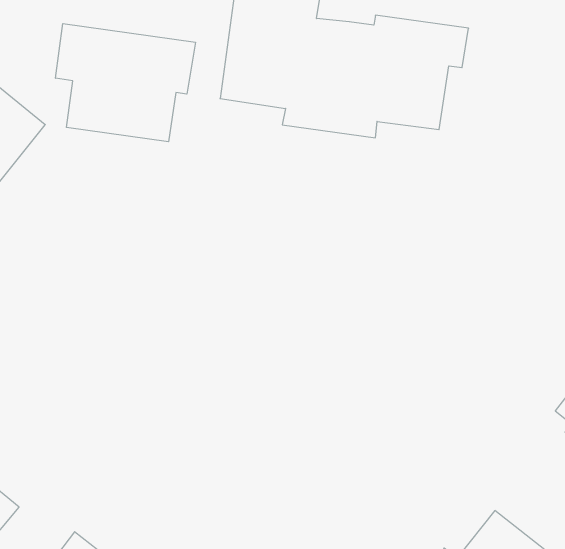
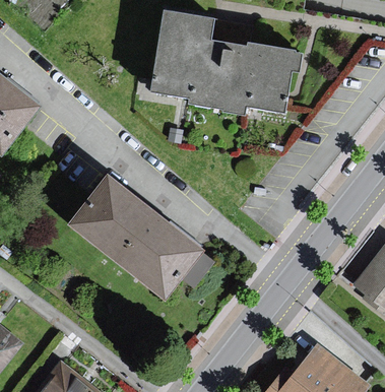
building: [56,24,195,142] -> none
building: none -> [72,179,201,297]

